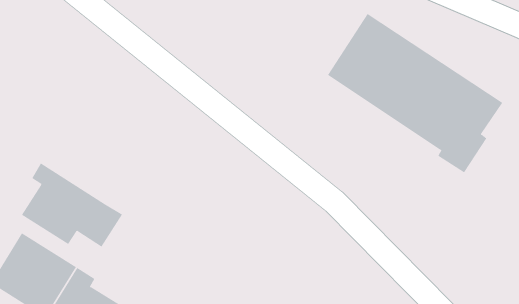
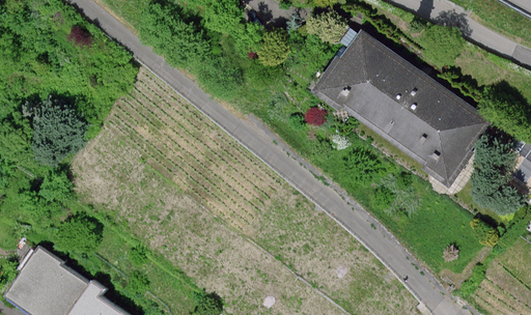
building: [21,163,123,247] -> none

